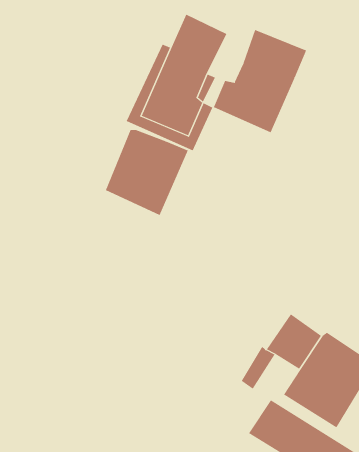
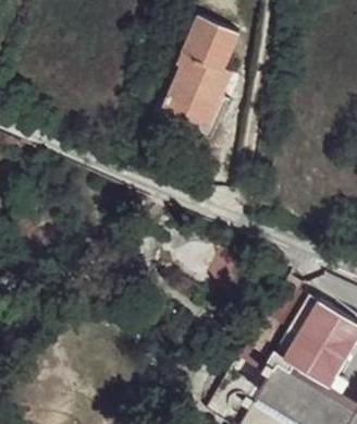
building: [213,29,307,133] -> none
building: [105,129,188,216] -> none

